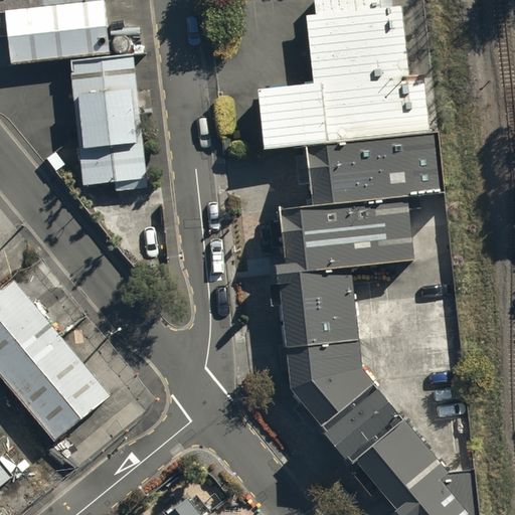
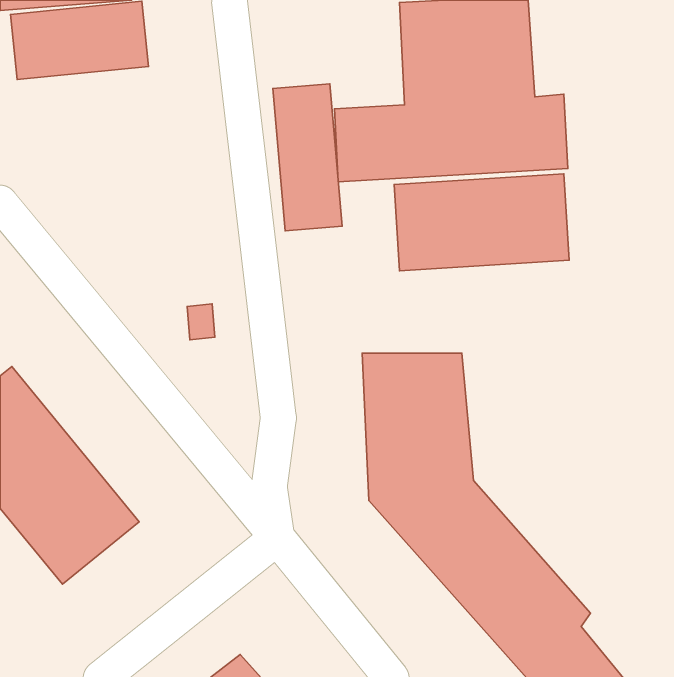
building: [71,56,143,190] -> none
building: none -> [273,84,342,231]
building: [281,201,413,267] -> none

